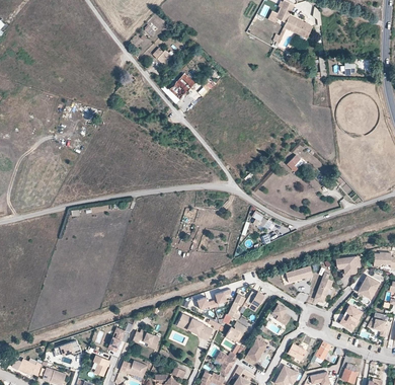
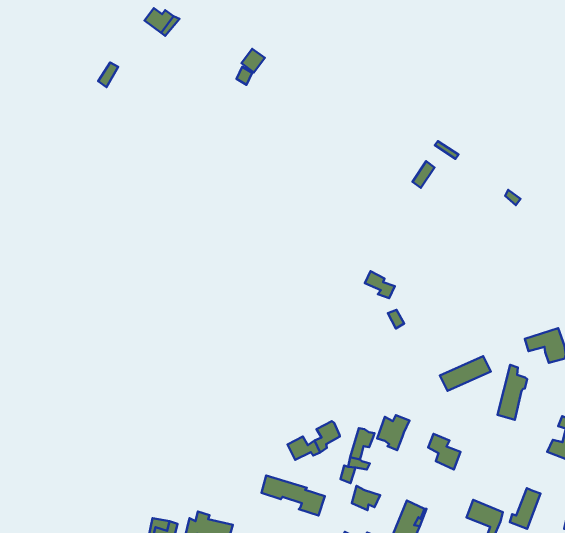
building: [168,72,195,100] -> none

